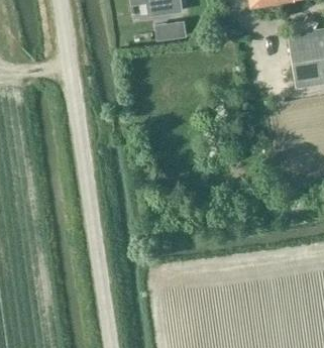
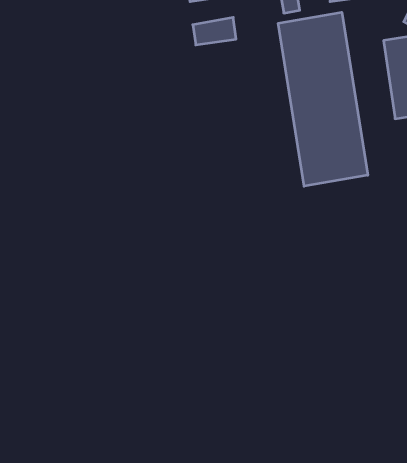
building: none -> [278,12,368,186]

